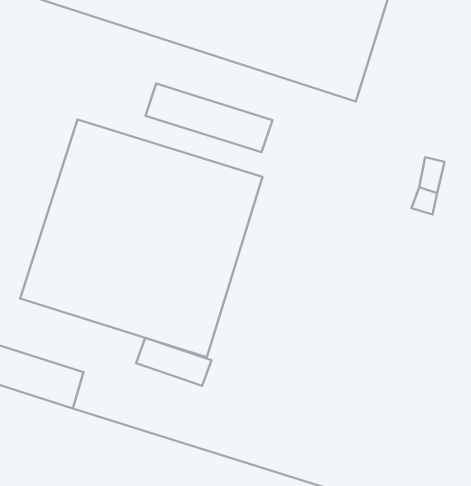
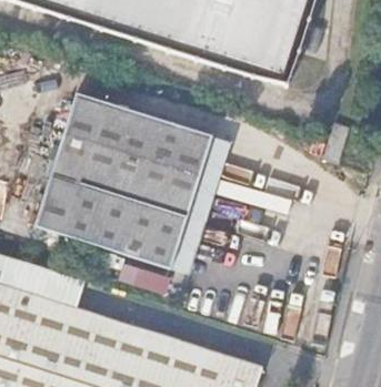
building: [145,84,273,152] -> none

